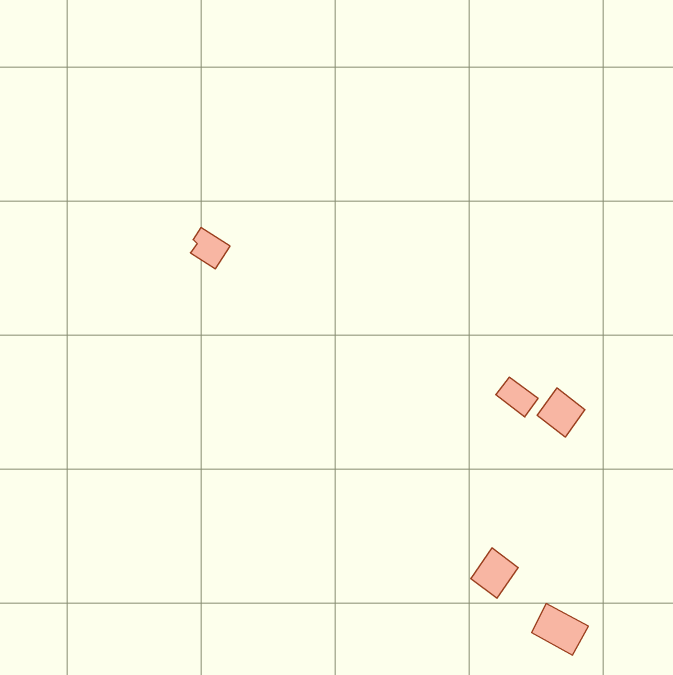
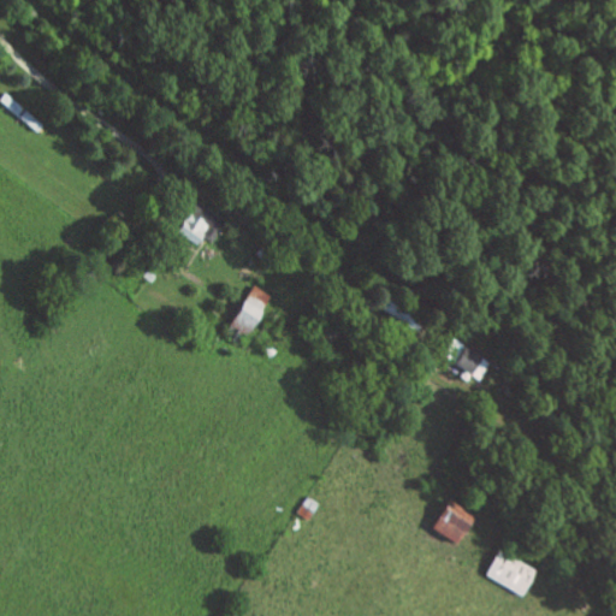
building: none -> [230,284,271,336]
building: [537,388,585,437] -> none

